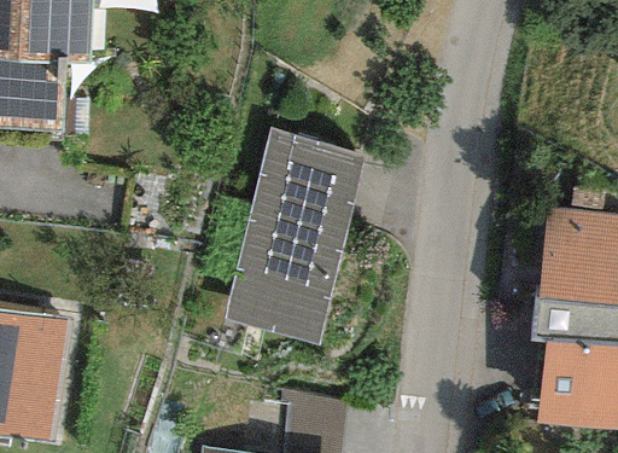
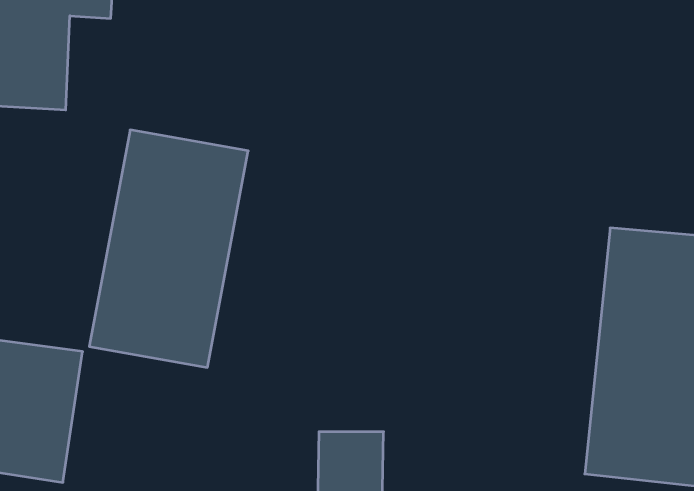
building: [228,128,365,332] -> [89,130,248,367]

